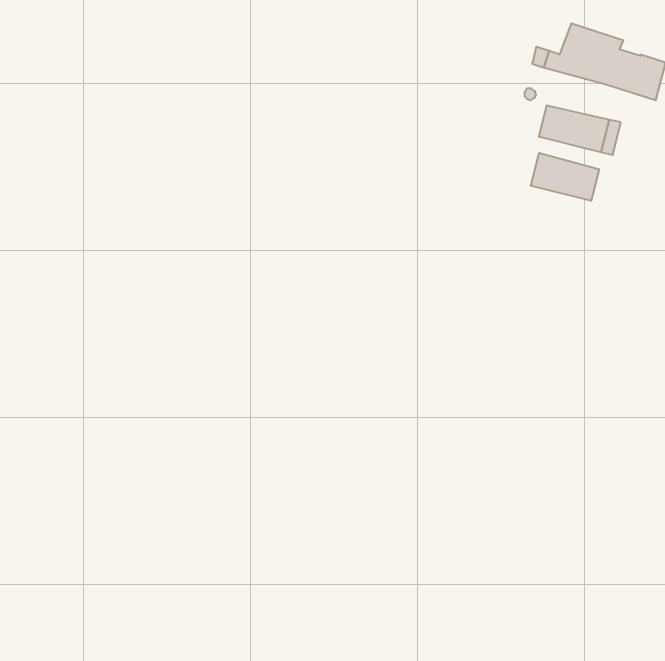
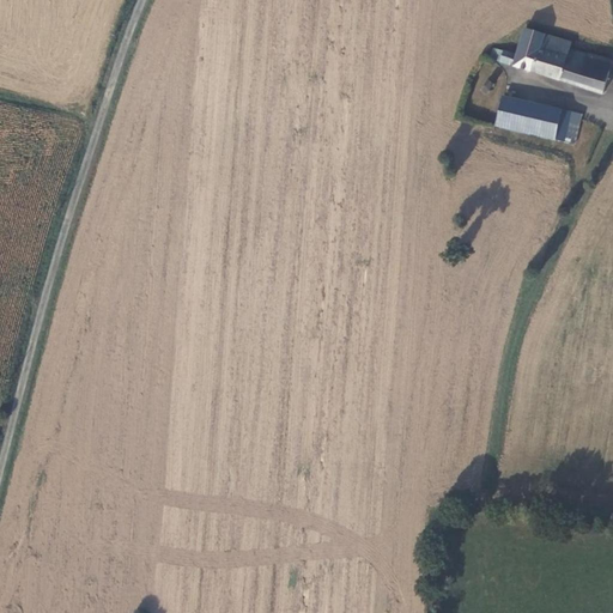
building: [531,153,599,201] -> none

